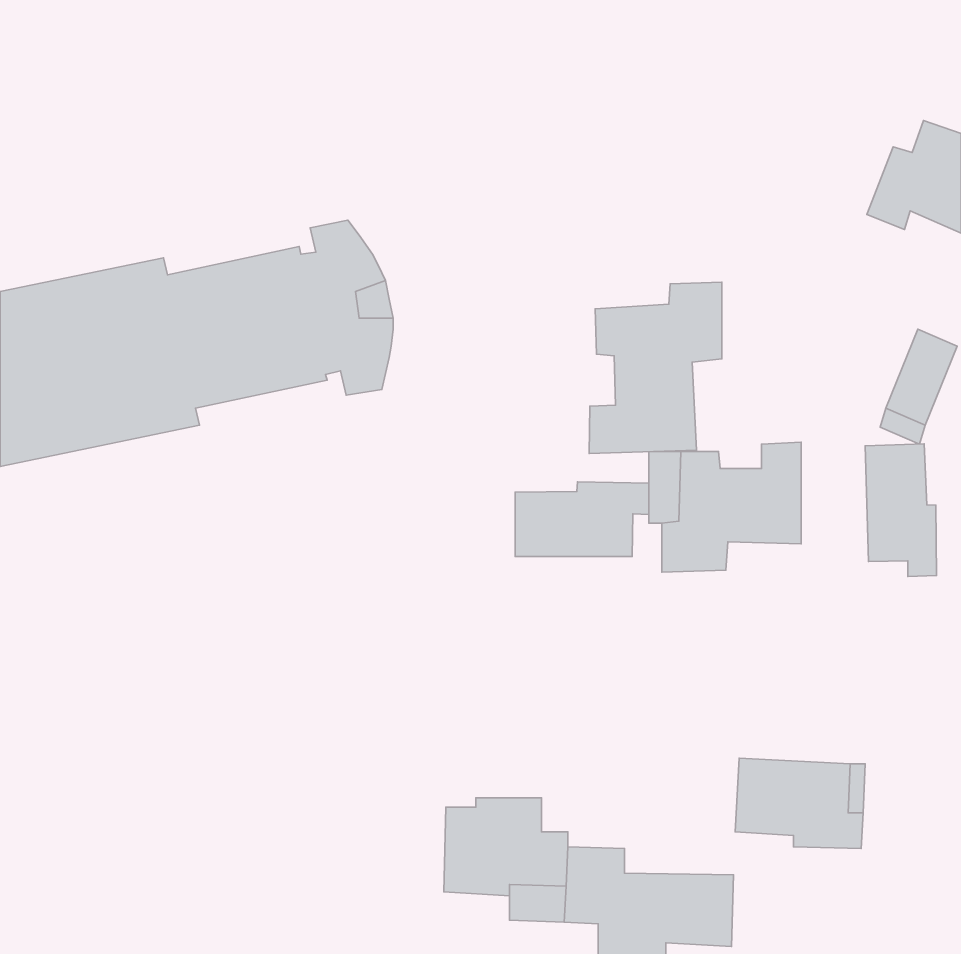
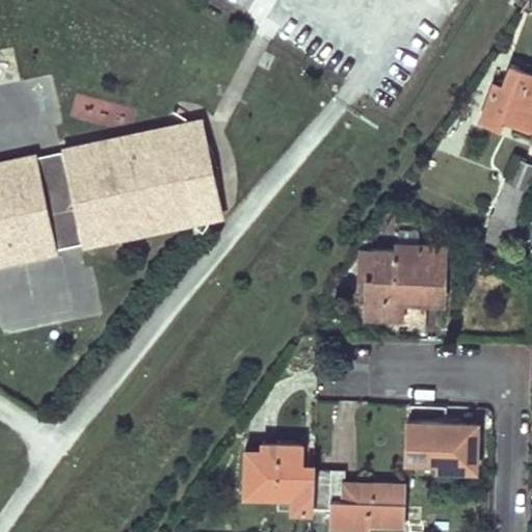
building: [589,282,722,454] -> none
building: [865,444,937,577] -> none
building: [515,482,649,557] -> none

